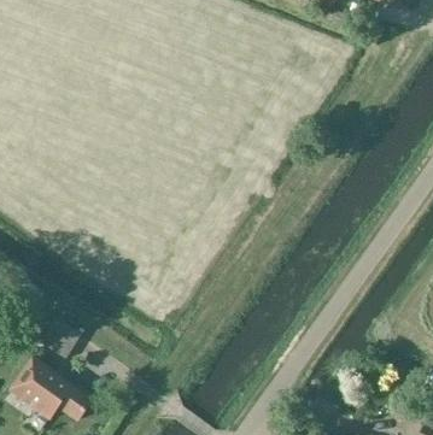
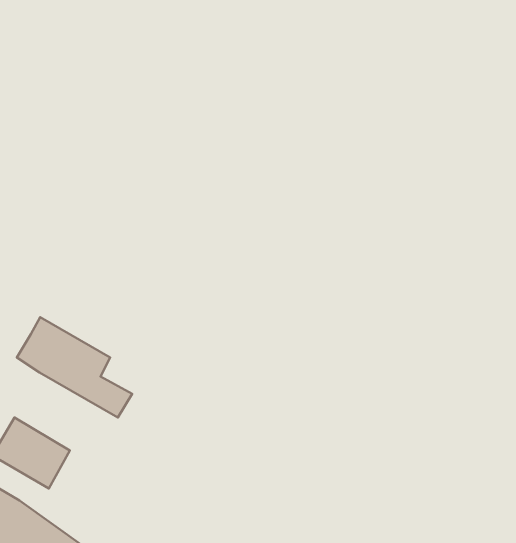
building: none -> [17,317,132,418]

